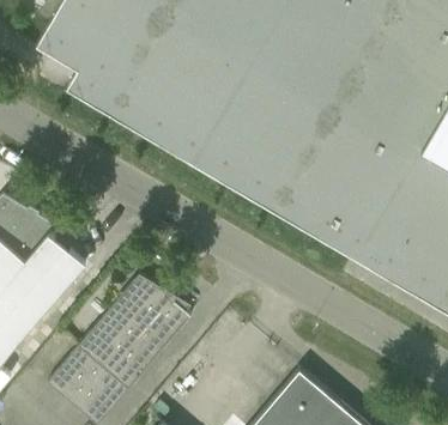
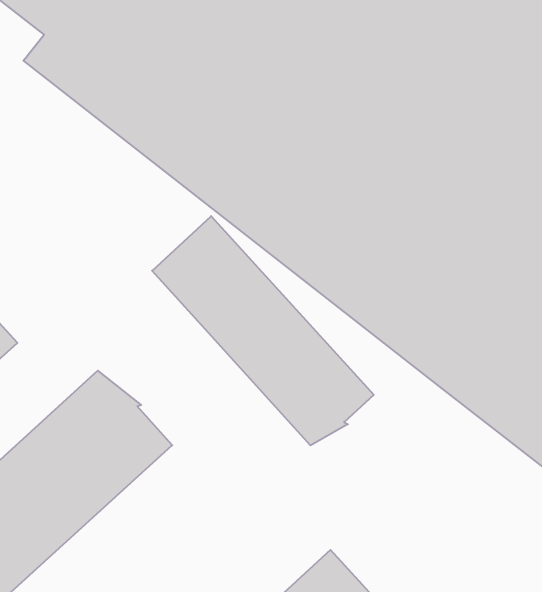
building: none -> [152,216,374,445]

